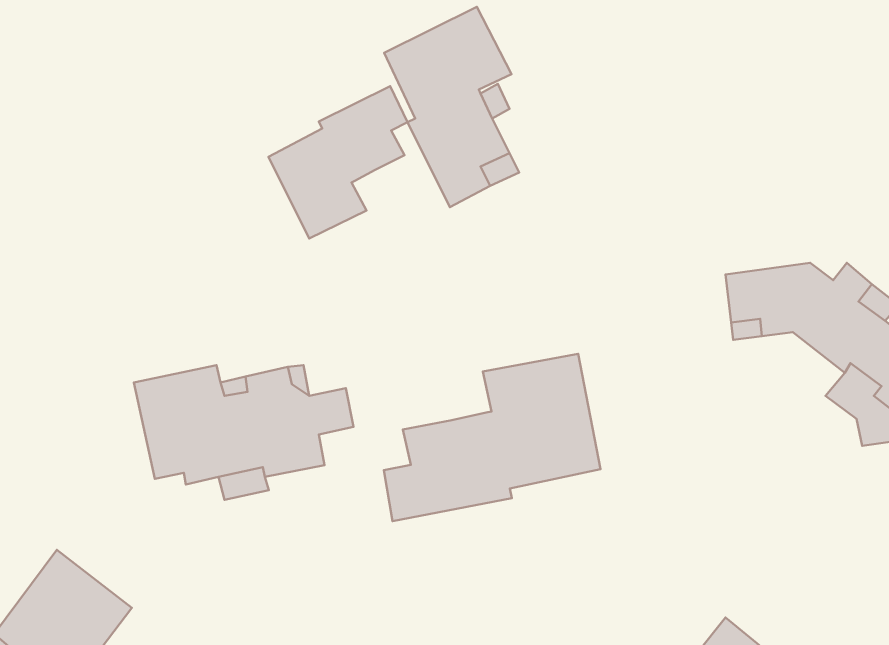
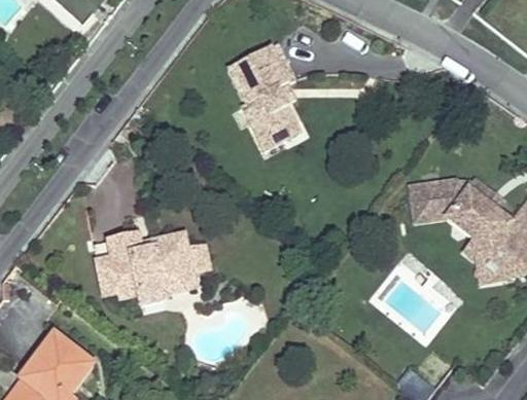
building: [269,86,407,238] -> none
building: [384,354,600,521] -> none

